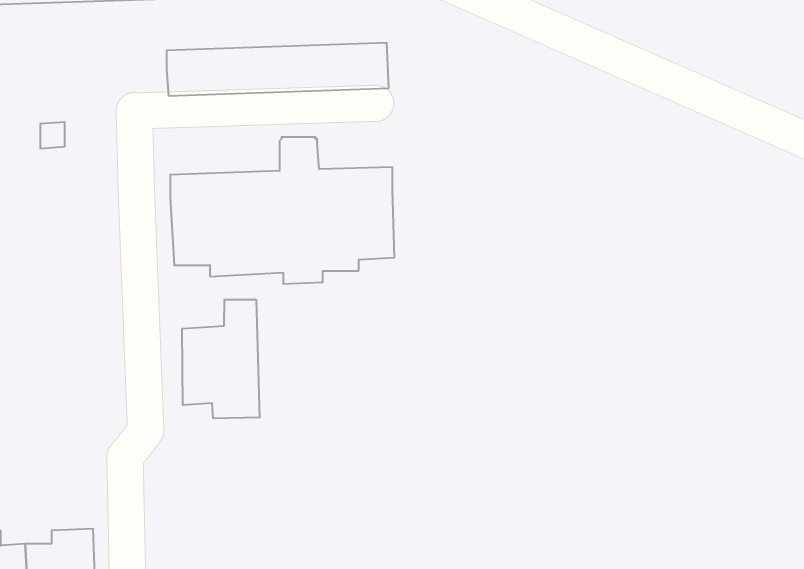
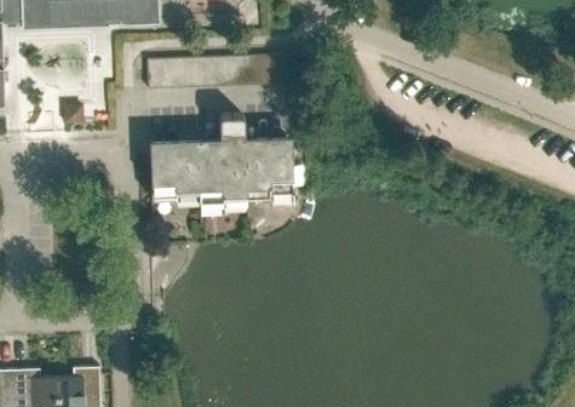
building: [182,300,260,418] -> none

